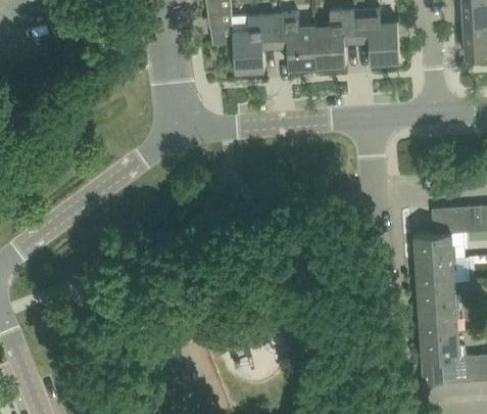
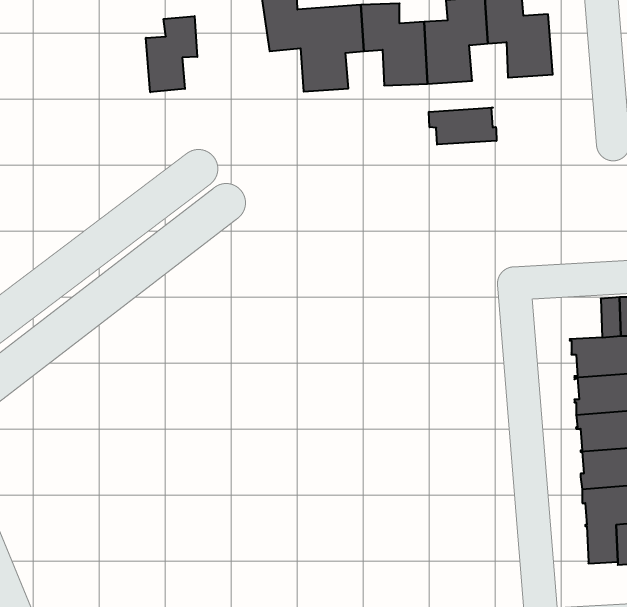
building: none -> [146,16,197,92]
building: none -> [429,108,496,145]

